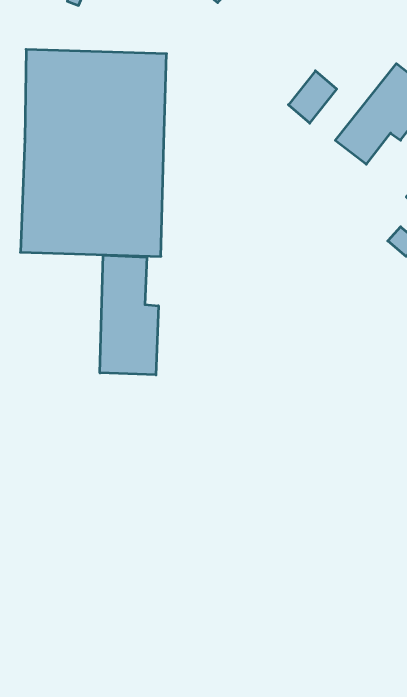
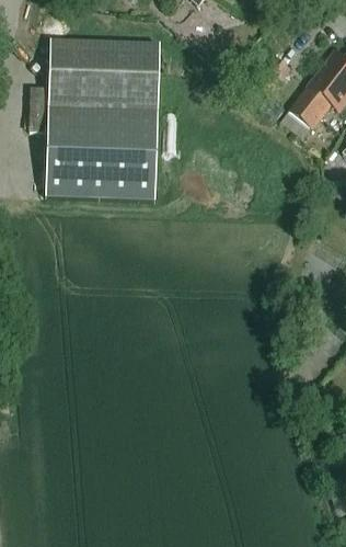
building: [100,255,158,375] -> none

